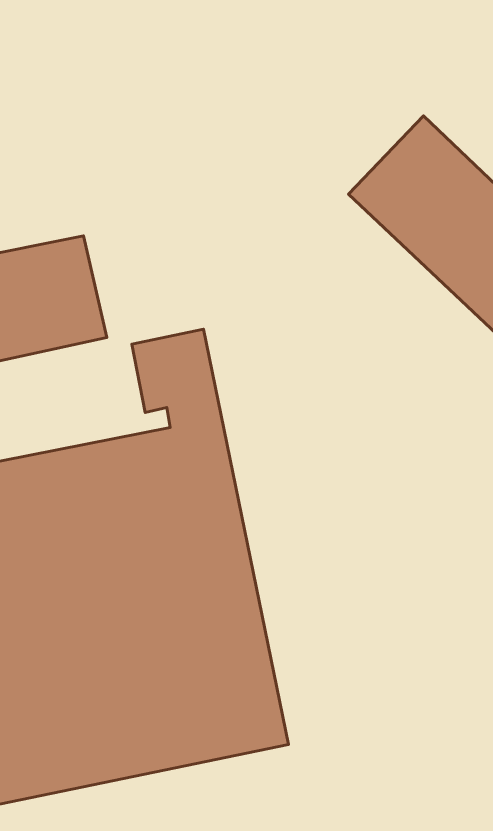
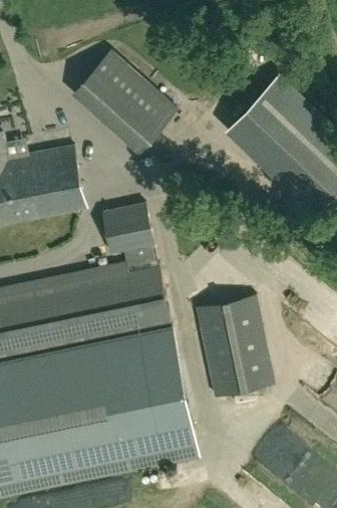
building: none -> [81,52,176,144]
building: none -> [196,296,274,398]

